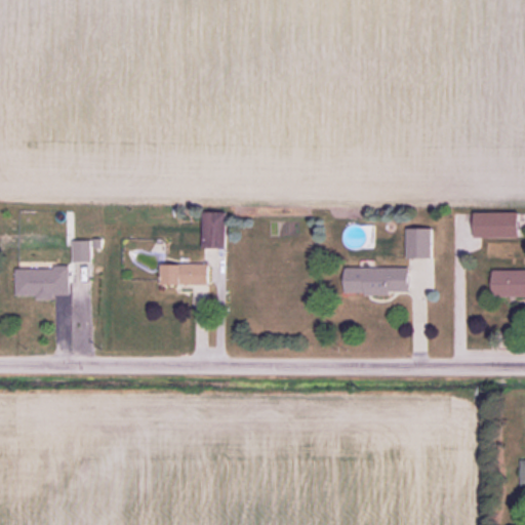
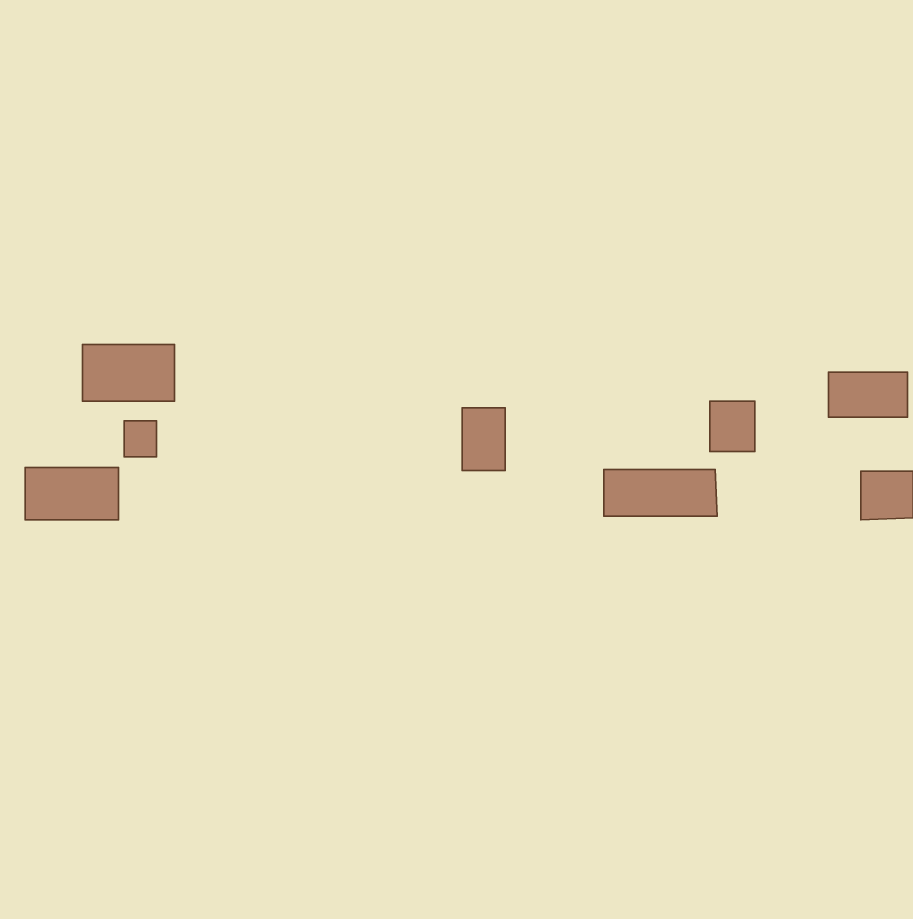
building: none -> [83,344,174,401]
building: [200,212,225,248] -> [462,408,505,471]
building: [160,265,207,285] -> none

